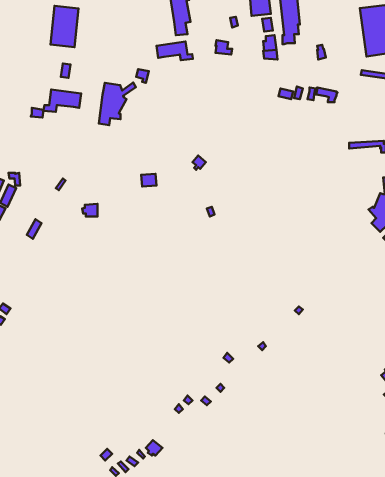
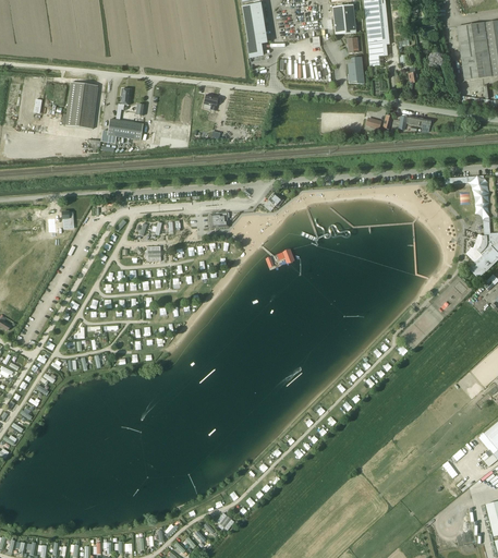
building: [50,6,79,47] -> [66,83,98,130]
building: [156,42,193,60] -> none
building: [99,82,136,125] -> none

